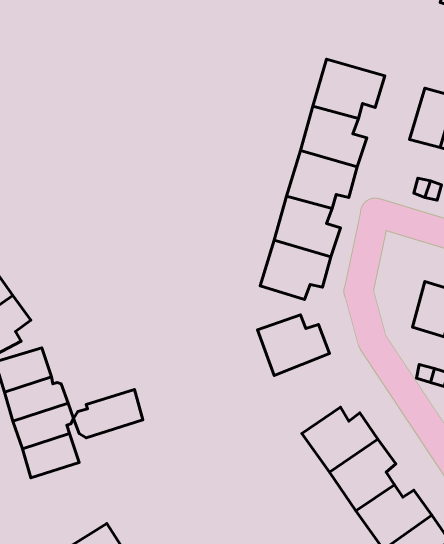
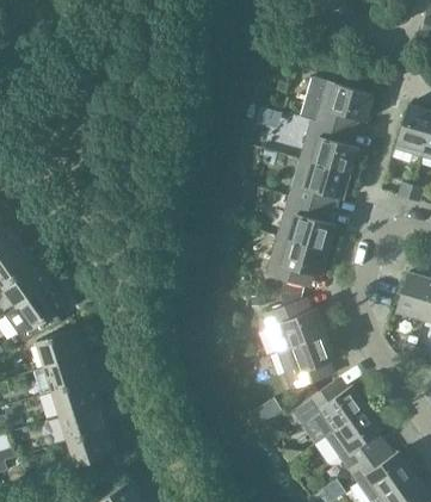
building: none -> [276,334,333,391]
building: [74,389,143,438] -> [55,428,115,470]

